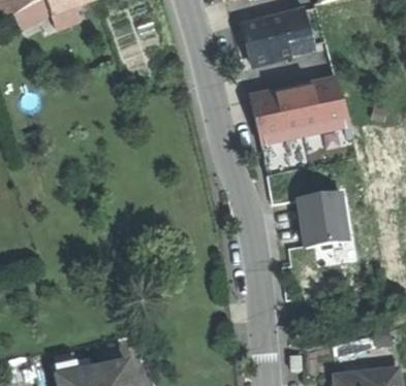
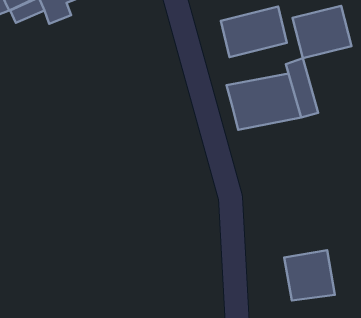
building: none -> [292,6,352,58]
building: [294,192,349,247] -> [284,250,335,301]

